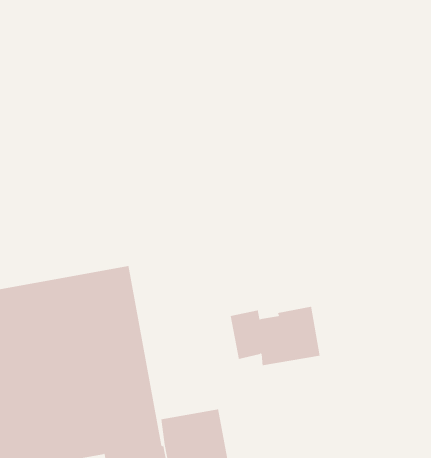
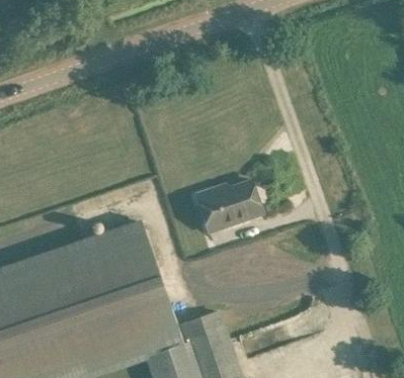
building: [230,306,320,366] -> [194,180,261,226]

